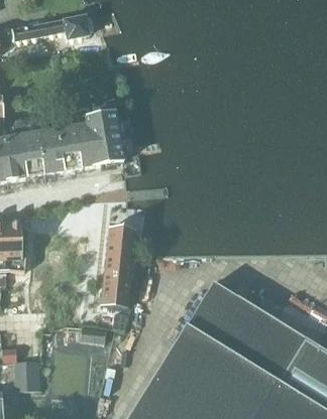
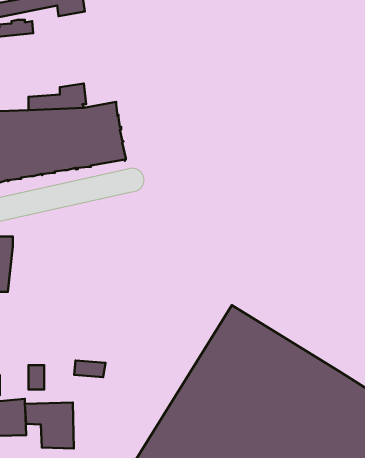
building: [102,228,136,308] -> none
building: none -> [25,403,74,449]

